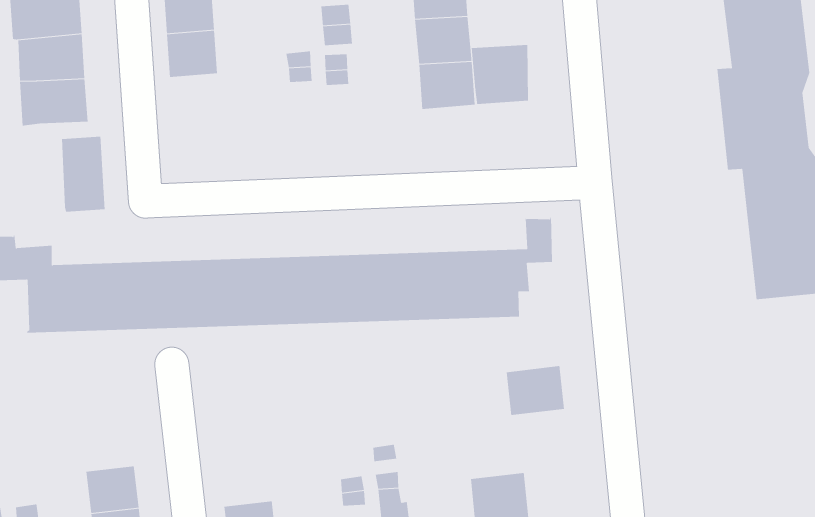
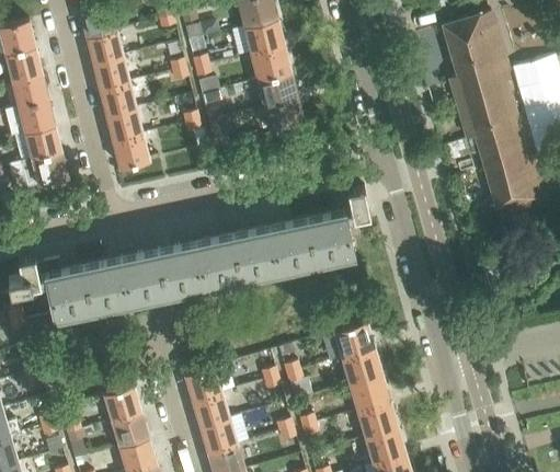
building: [471,44,529,105] -> none
building: none -> [113,137,149,171]
building: [61,136,105,213] -> none
building: [506,366,565,416] -> [334,323,375,359]
building: none -> [185,368,222,403]

